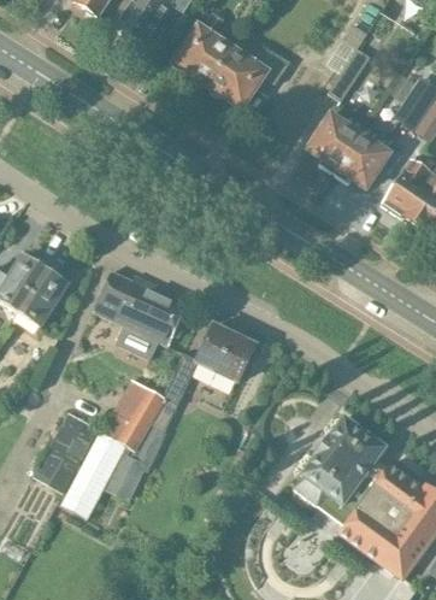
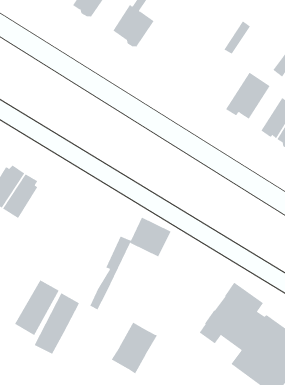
building: [206,45,285,108] -> none
building: [306,102,365,173] -> none
building: [93,271,185,347] -> none
building: [101,380,167,453] -> [111,322,158,374]
building: [107,454,145,500] -> none

